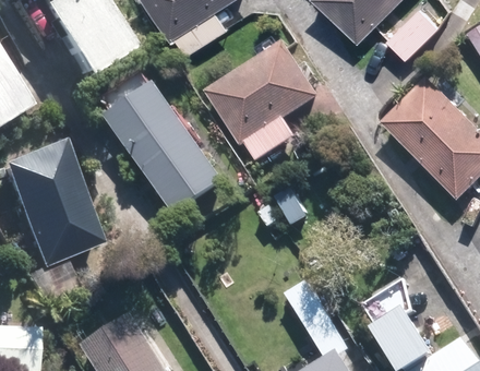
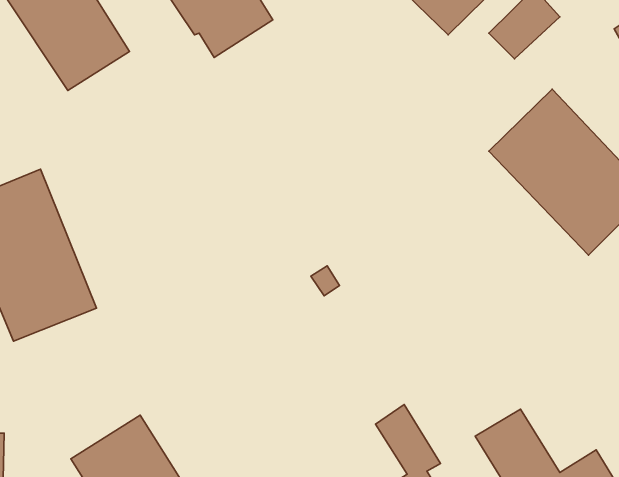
building: [205,36,319,163] -> none
building: [110,86,225,215] -> none

